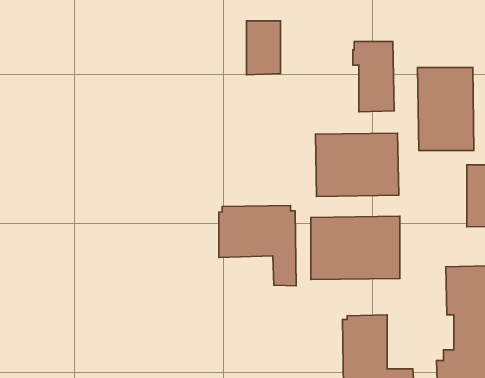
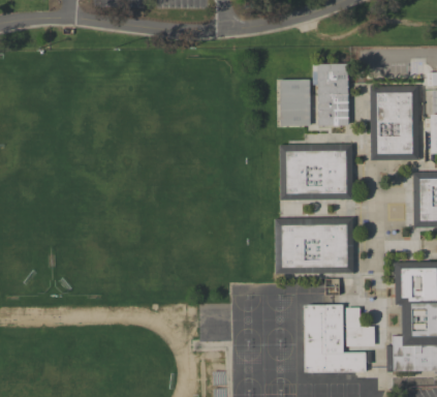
building: [246,21,281,75] -> [280,80,310,127]
building: [219,206,296,286] -> none
building: none -> [345,307,374,345]

